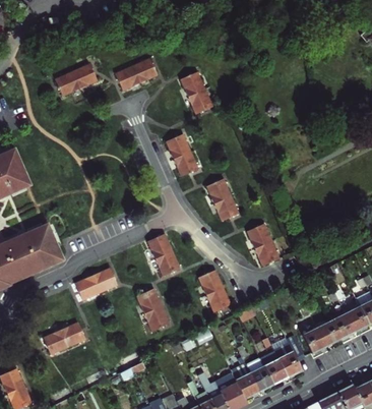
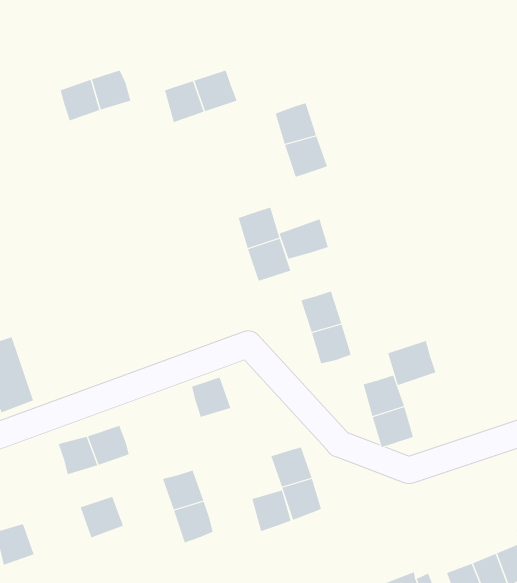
building: none -> [279,219,329,260]
building: none -> [388,340,436,386]
building: [156,252,180,278] -> [251,490,292,532]
building: [60,323,86,348] -> [80,496,124,538]

